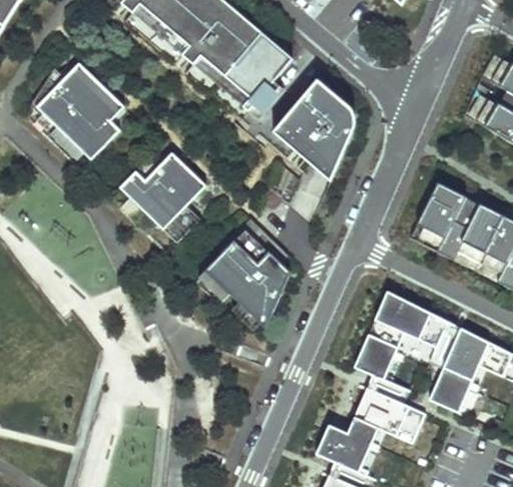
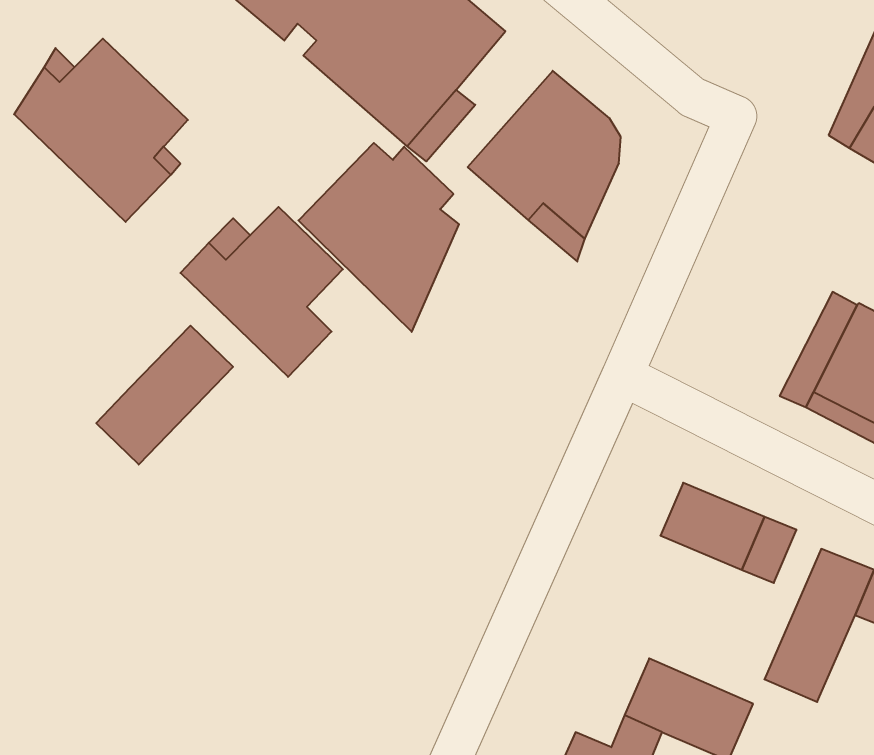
building: [410,180,466,251] -> none
building: none -> [96,326,233,465]
building: [205,226,291,327] -> [298,143,459,332]
building: [356,336,398,380] -> none

